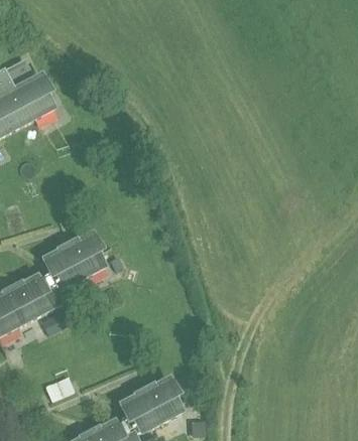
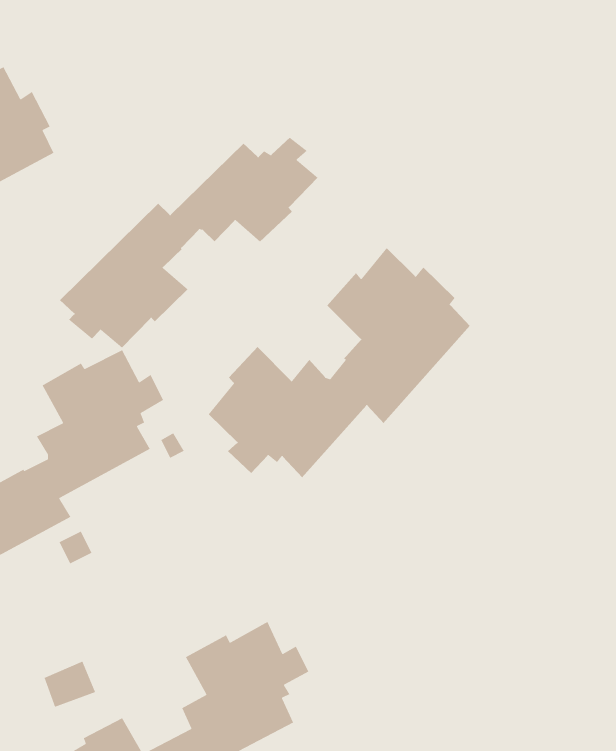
building: none -> [59,137,319,348]
building: none -> [208,247,471,478]

